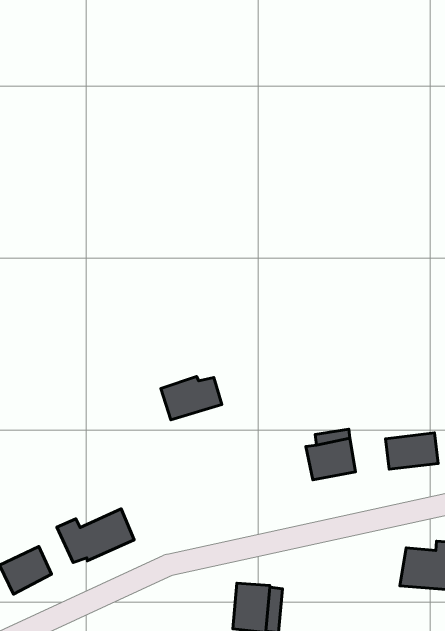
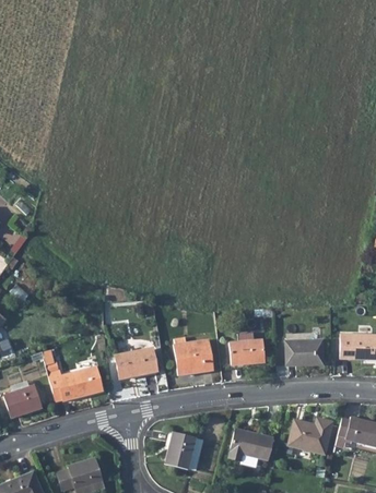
building: [161,376,222,420] -> [116,347,157,375]
building: none -> [176,338,214,373]
building: none -> [227,428,271,462]

